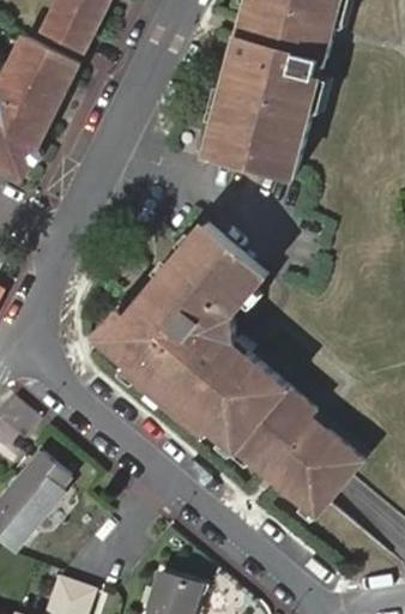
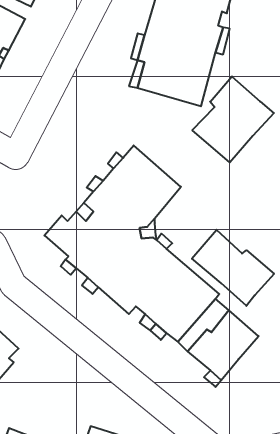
building: none -> [192,76,274,162]
building: none -> [192,230,274,306]

